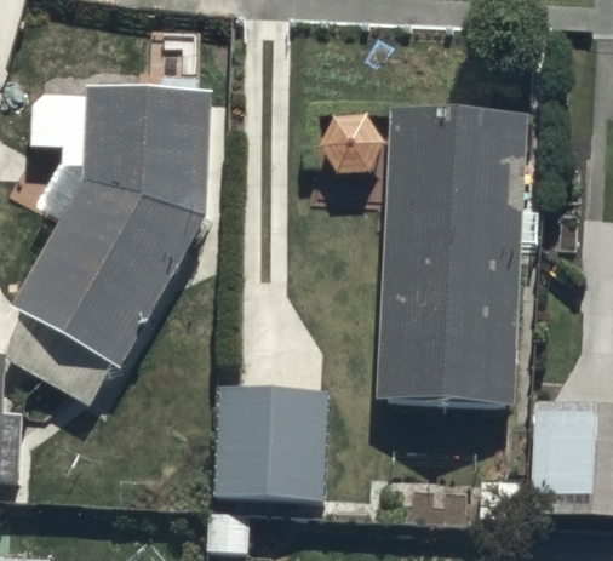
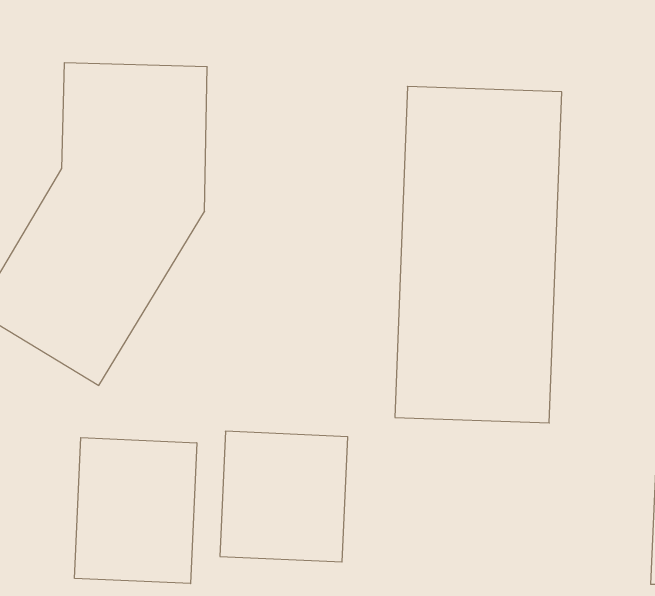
building: none -> [75,438,197,584]

